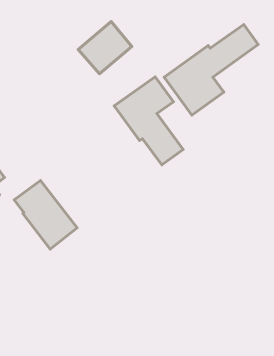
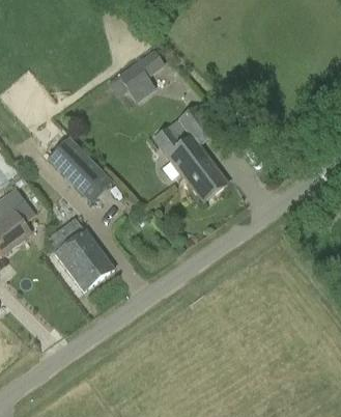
building: [164,25,258,115] -> none
building: none -> [46,136,112,202]

